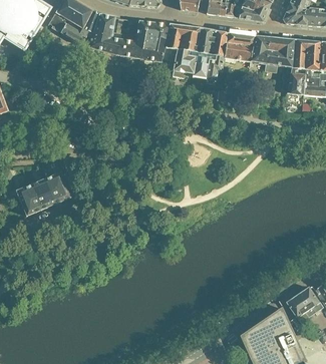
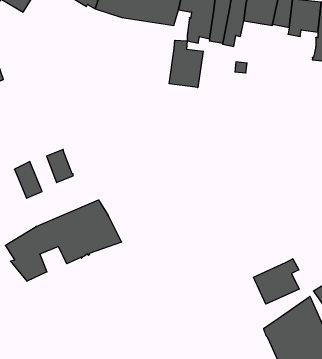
building: none -> [169,40,203,88]
building: [29,179,53,212] -> none
building: none -> [5,200,122,281]
building: none -> [254,259,299,304]

